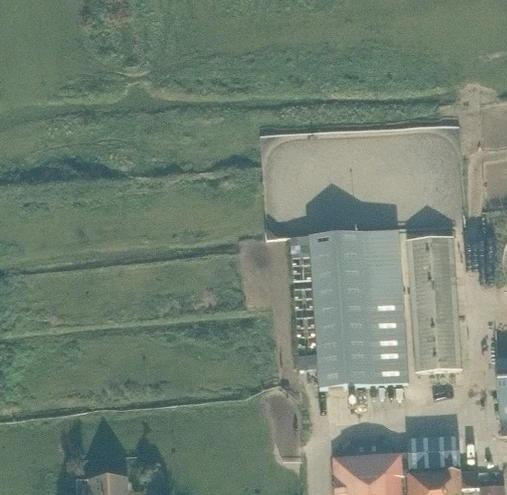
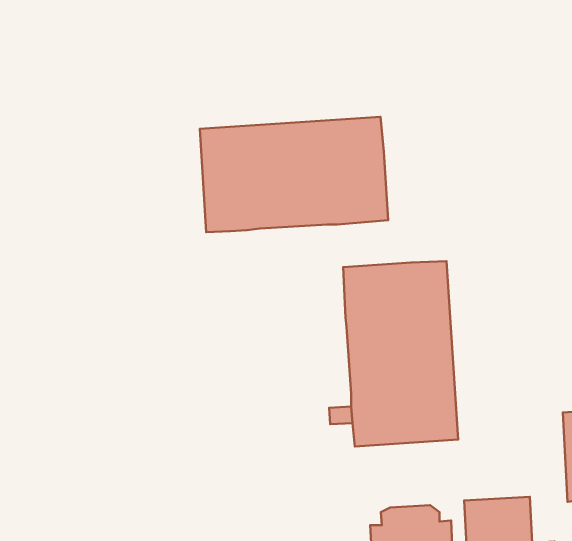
building: none -> [200,117,388,232]
building: [409,237,461,373] -> none

